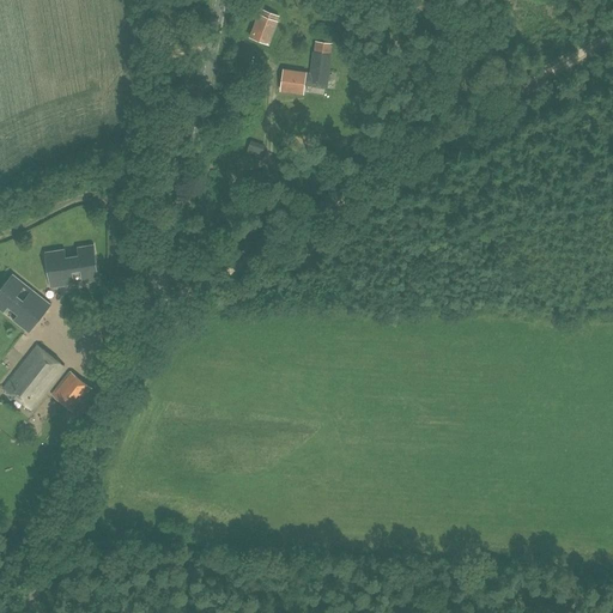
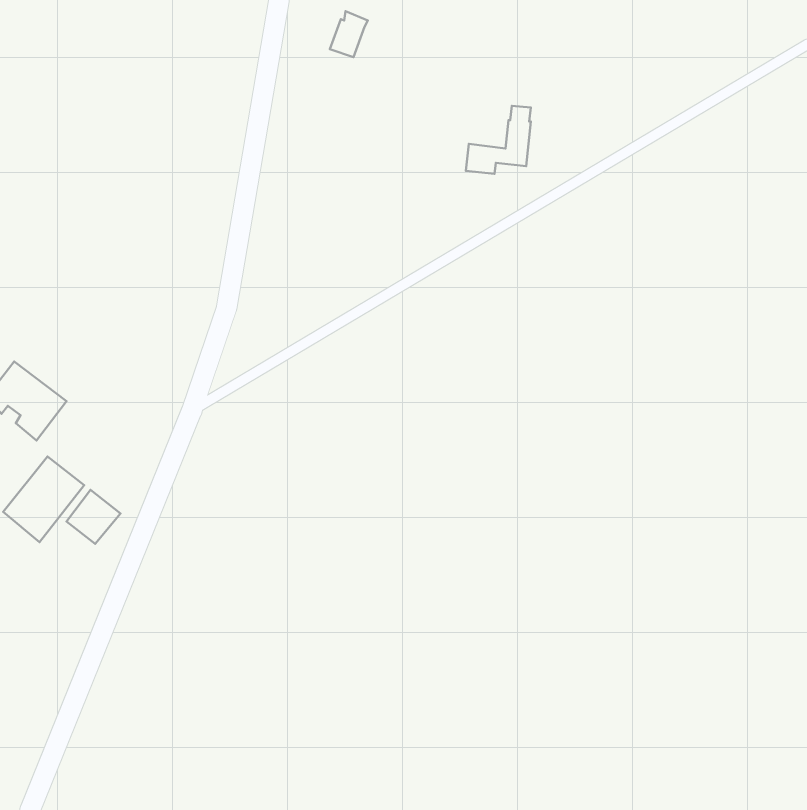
building: [279,42,328,93] -> [466,106,531,174]
building: [43,243,98,287] -> none

